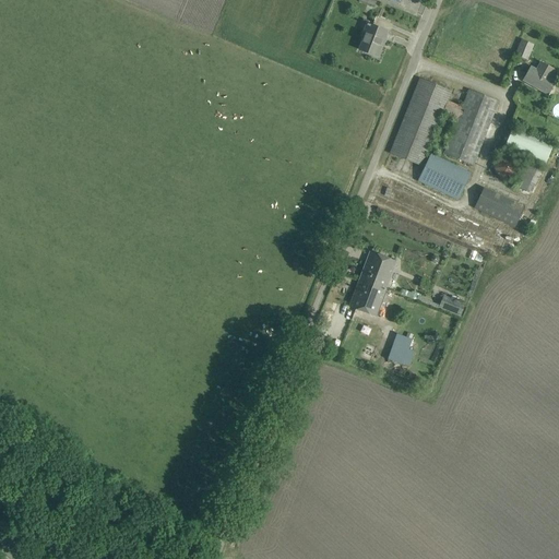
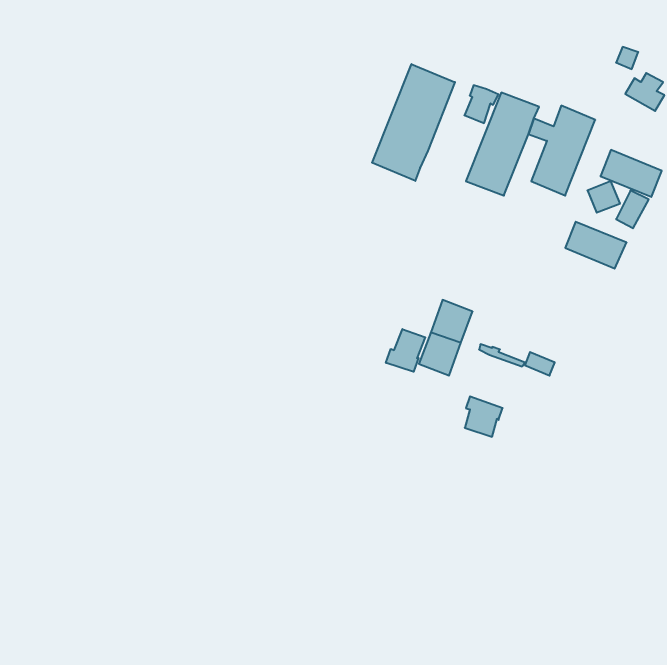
building: [359,23,388,55] -> [464,85,498,123]
building: none -> [372,64,455,181]
building: [418,151,471,199] -> none
building: none -> [386,329,425,372]

